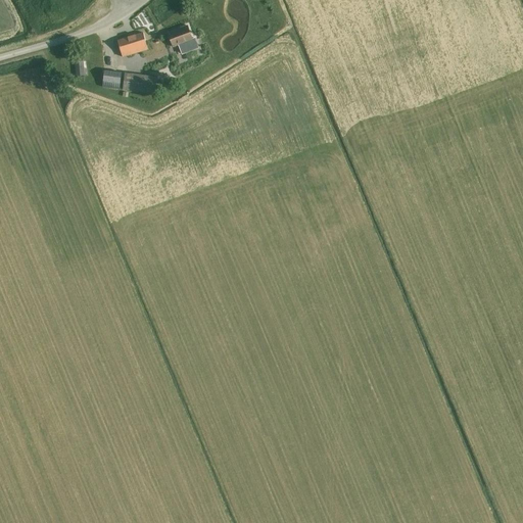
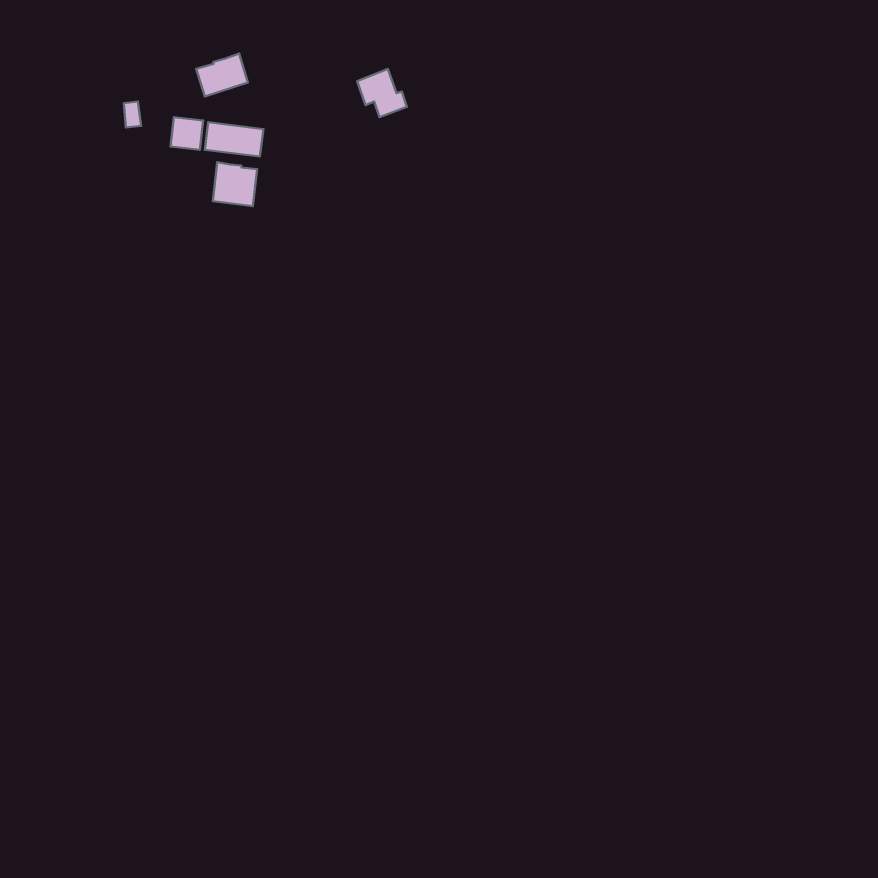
building: [168,25,197,53] -> [357,69,407,117]
building: none -> [213,162,257,206]

